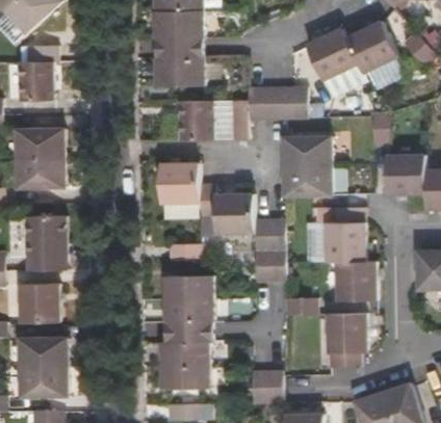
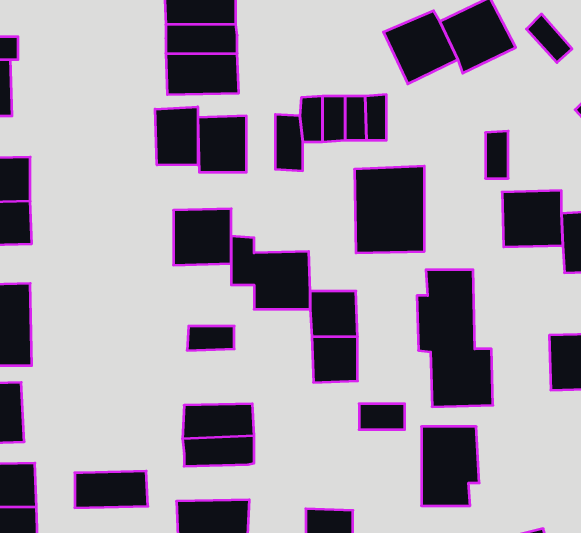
building: none -> [155,107,198,165]
building: [166,274,214,298] -> none
building: [162,339,212,364] -> [75,471,148,508]

